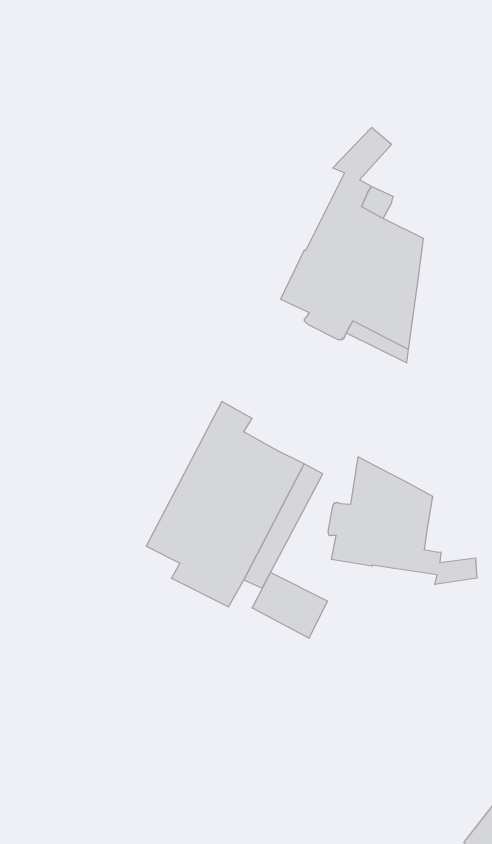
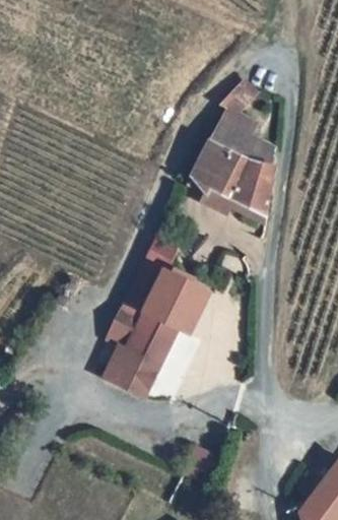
building: [328,457,477,585] -> none
building: [252,573,328,638] -> [112,354,157,394]

